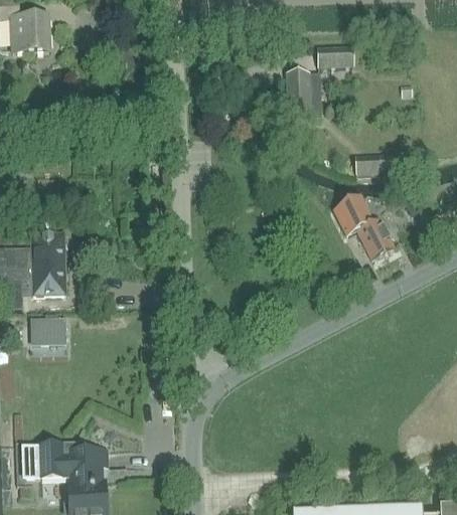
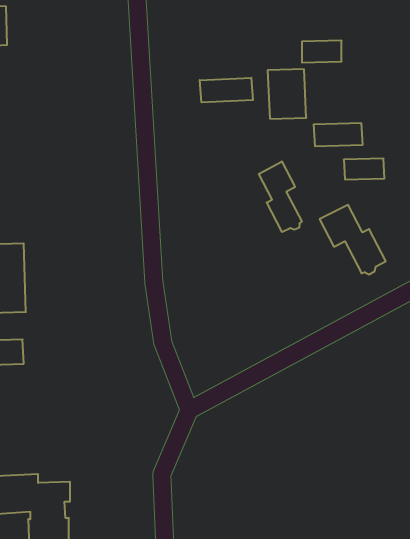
building: none -> [200,78,253,102]
building: none -> [314,123,362,146]
building: none -> [259,161,302,232]

